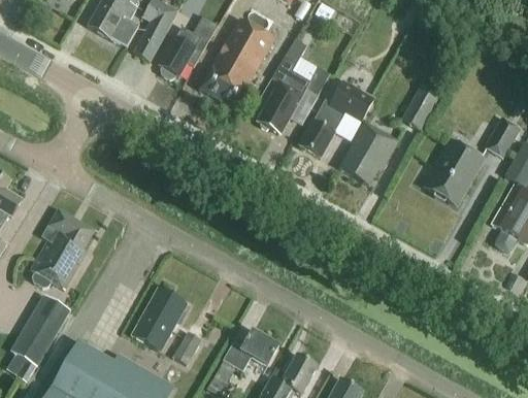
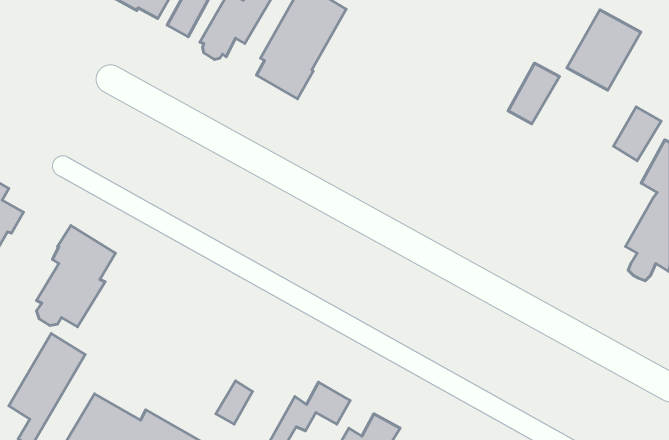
building: [257,39,329,134] -> none
building: [299,81,373,158] -> none
building: [338,123,398,186] -> none
building: [425,142,483,205] -> [567,10,641,90]
building: [133,291,185,351] -> none

